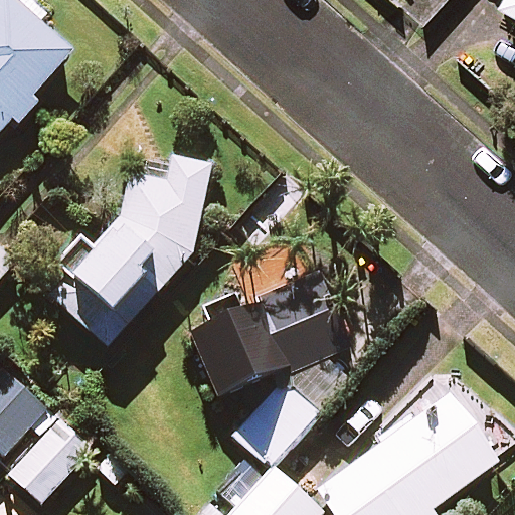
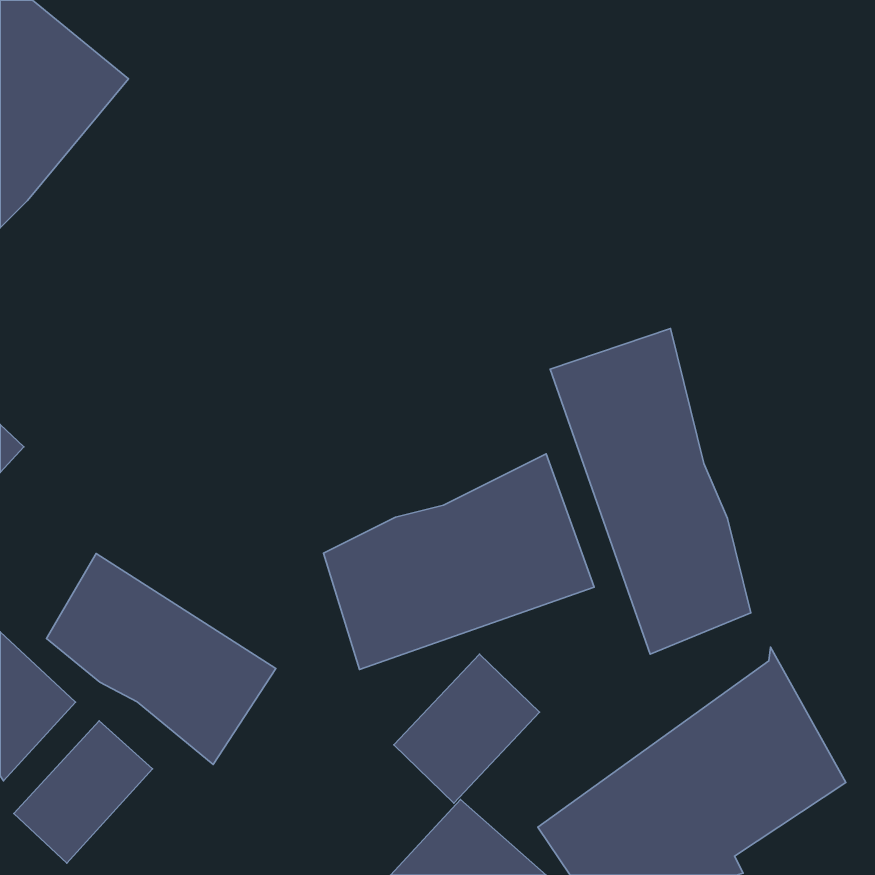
building: [52,155,206,339] -> none
building: none -> [550,329,751,654]
building: none -> [47,554,276,764]

